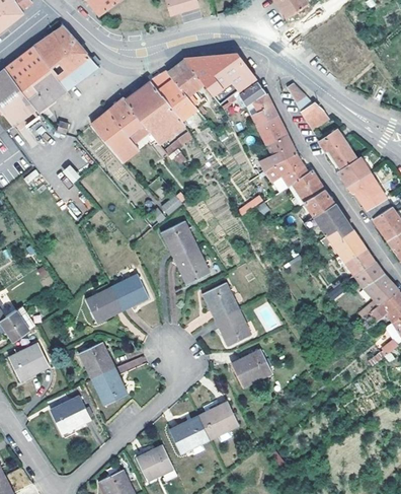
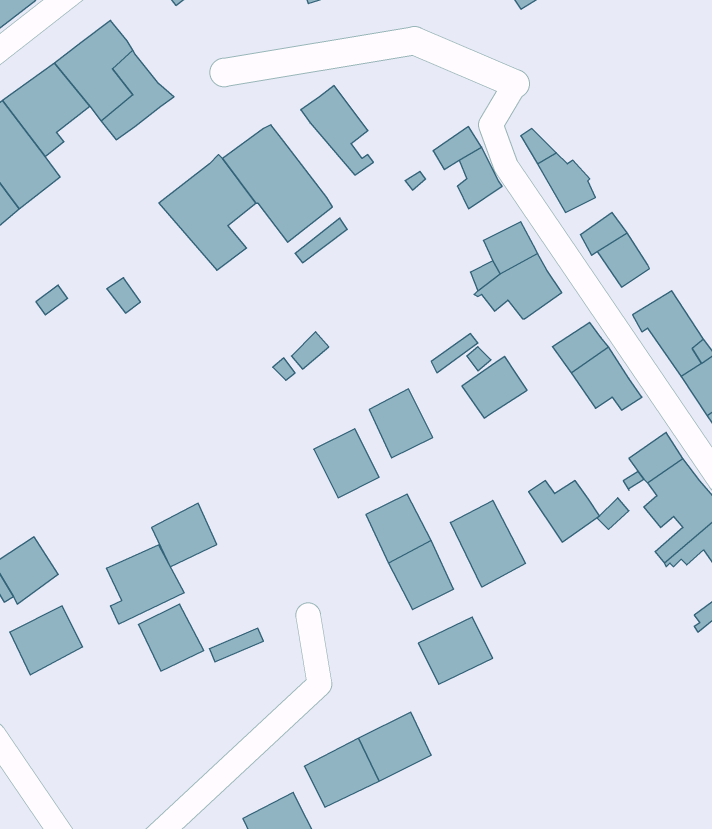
building: [184,53,255,103] -> none
building: [28,71,67,112] -> none
building: [151,72,196,121] -> none
building: [258,115,287,145] -> none
building: [338,157,369,185] -> none
building: [289,170,324,204] -> [462,356,527,418]
building: [162,220,196,258] -> [369,389,433,458]
building: [327,229,366,263] -> [529,481,600,542]
building: [111,274,149,309] -> none
building: none -> [450,500,525,587]
building: none -> [107,545,184,624]
building: [91,367,127,405] -> none
building: [50,396,90,433] -> none

